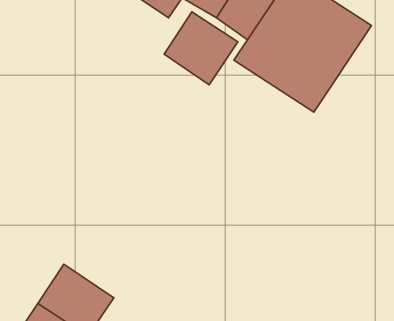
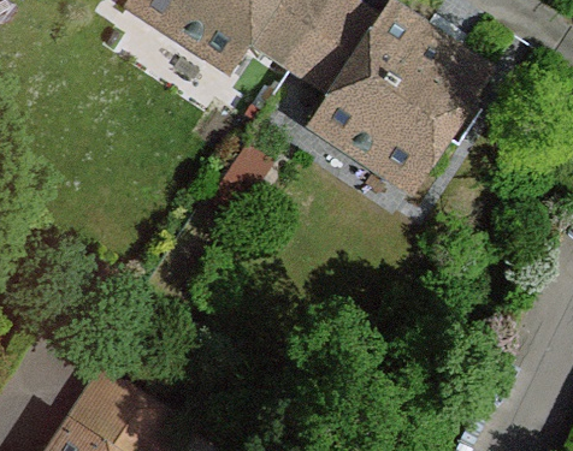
building: [164,12,238,85] -> none

